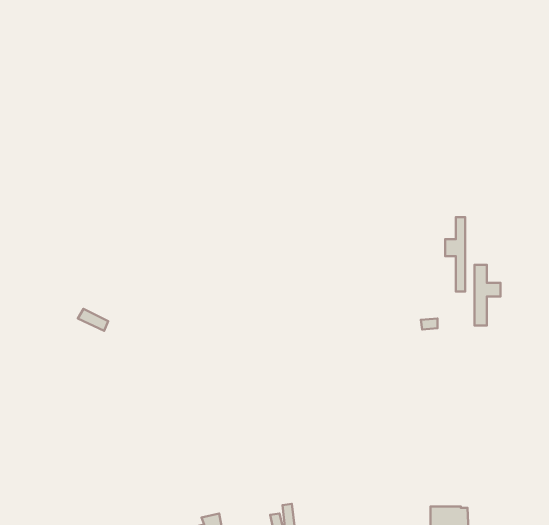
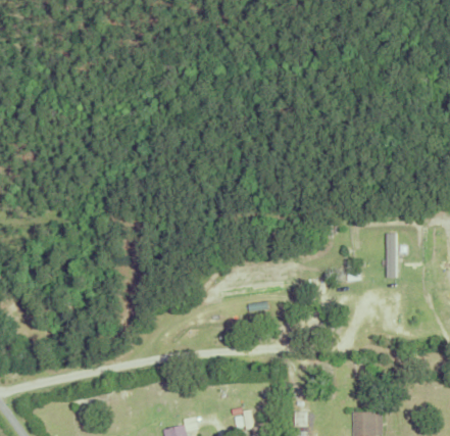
building: [445,217,465,291] -> none

